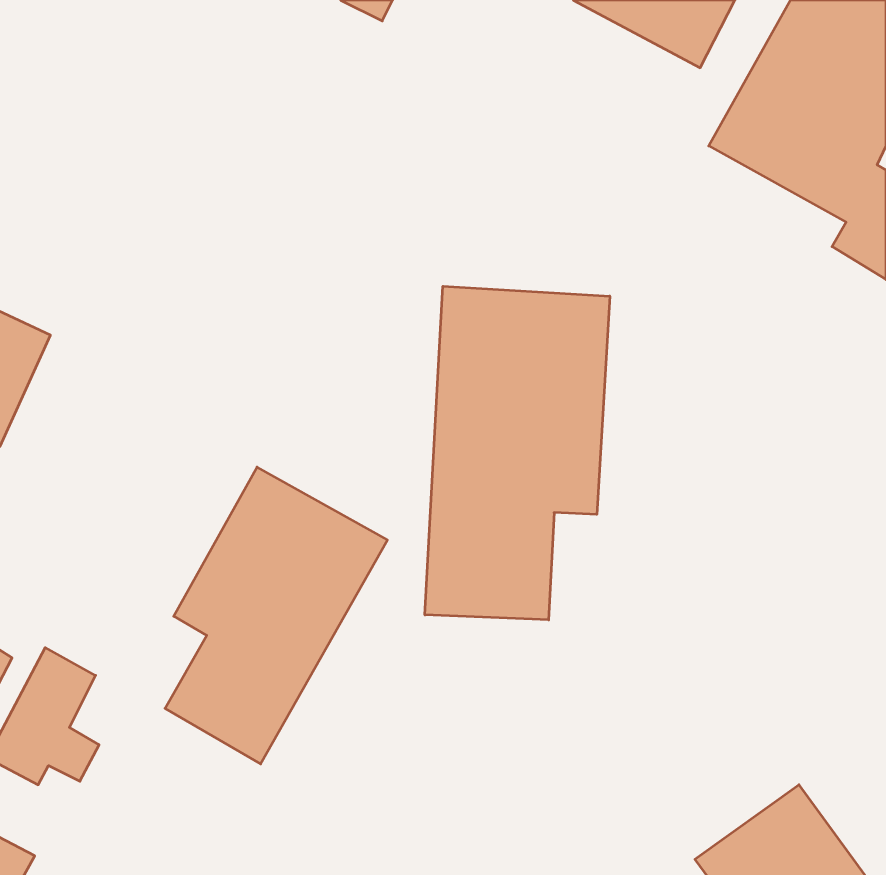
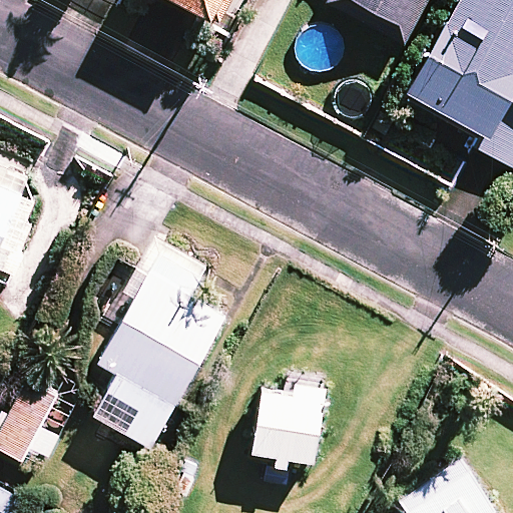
building: [425,286,610,620] -> none
building: none -> [250,387,322,488]

